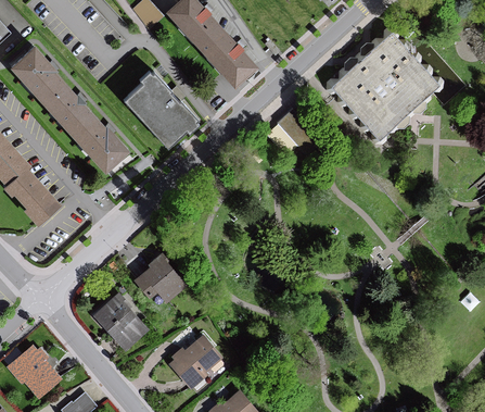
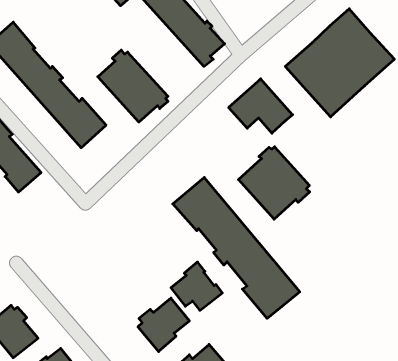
building: none -> [238,147,310,219]
building: none -> [173,177,300,318]
building: [132,252,187,303] -> [171,262,222,310]
building: [90,291,148,350] -> none

